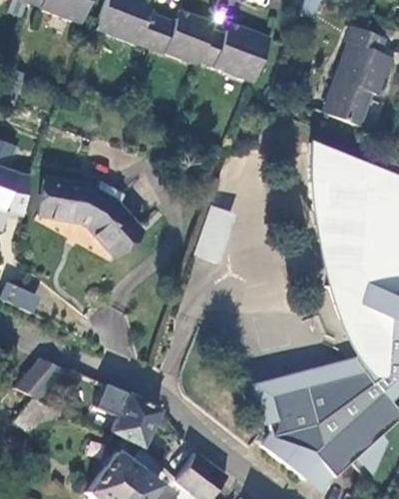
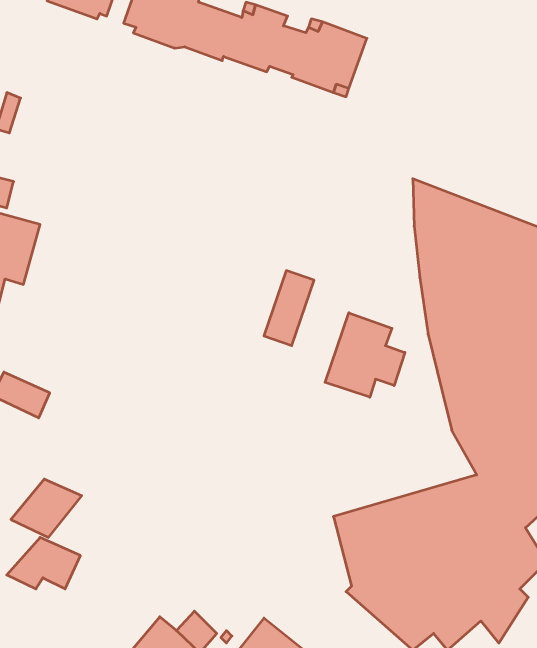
building: [322,25,389,123] -> none
building: [42,177,143,255] -> none
building: none -> [325,313,405,397]
building: [100,385,162,448] -> none

